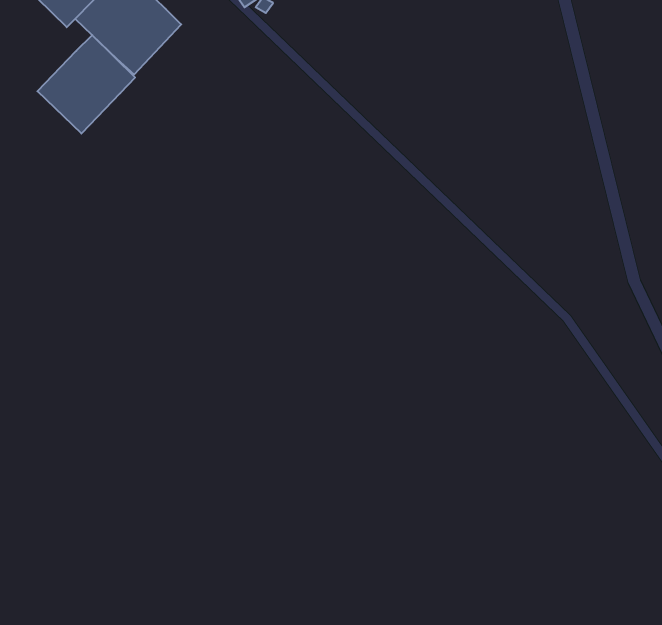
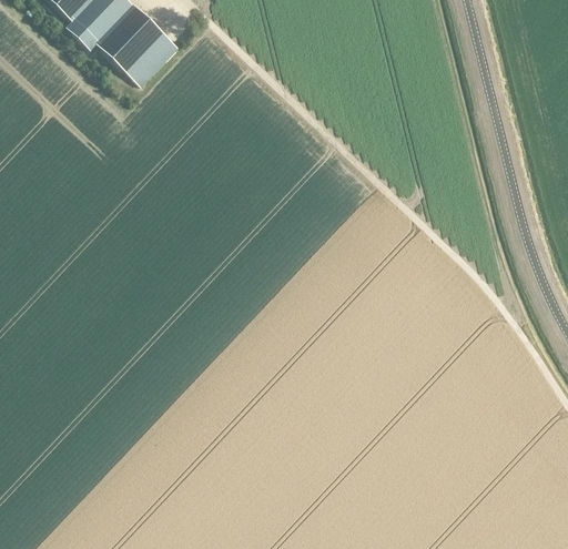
building: [37,35,135,134] -> none

